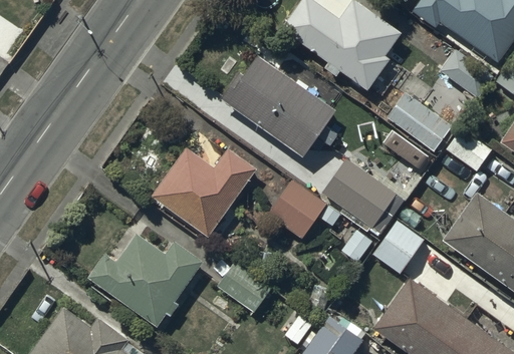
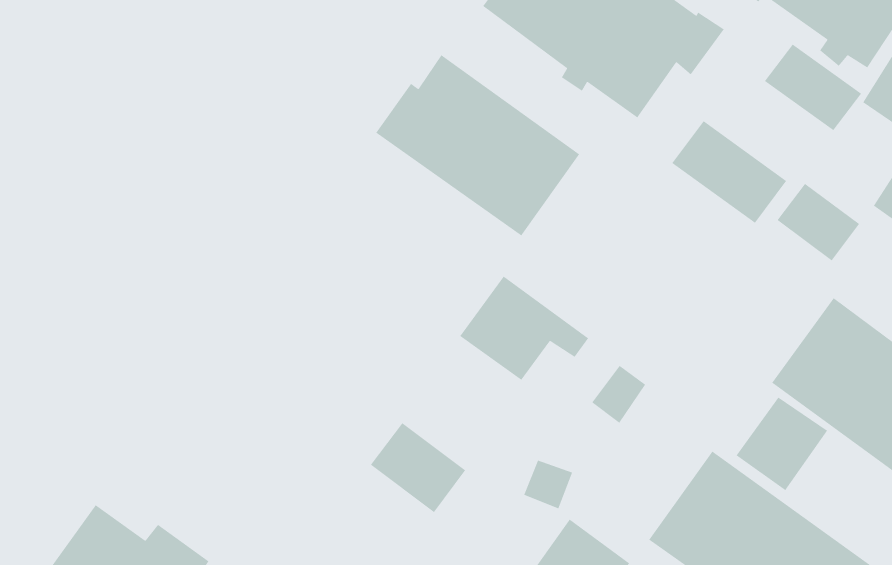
building: [152,140,256,237] -> none
building: [321,153,397,229] -> none
building: [372,221,425,274] -> [736,397,828,491]
building: [87,234,203,327] -> none

